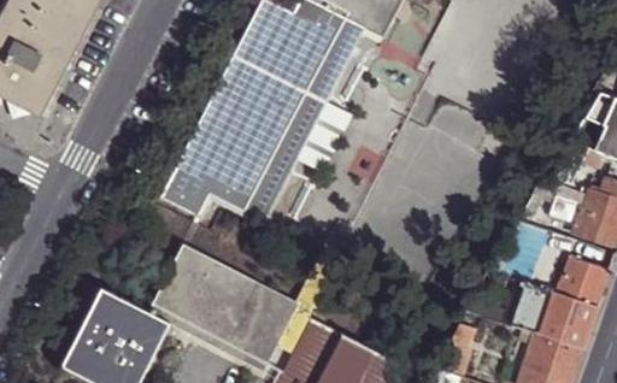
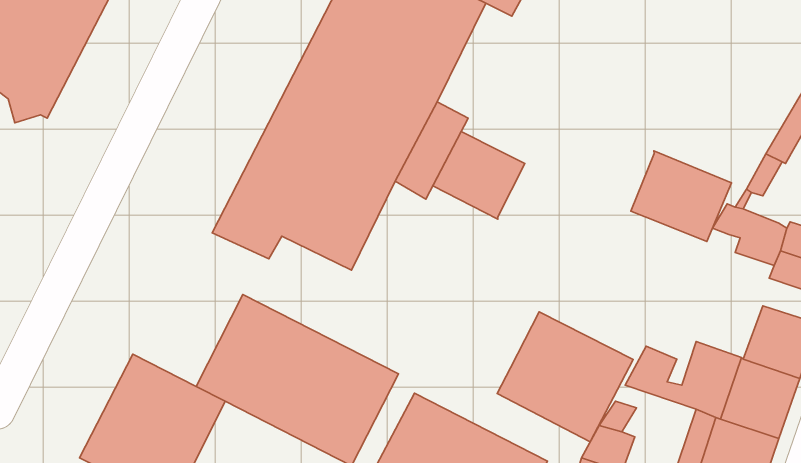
building: none -> [433,131,525,219]
building: none -> [631,151,732,242]
building: none -> [497,312,633,442]

